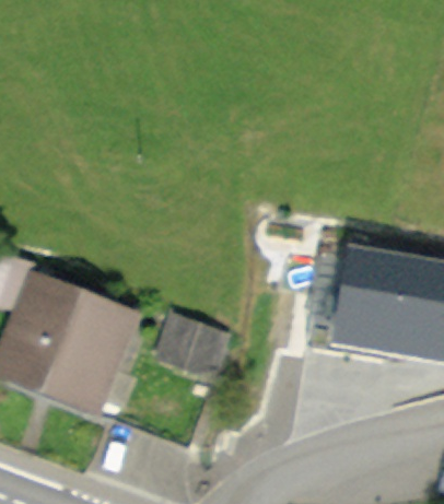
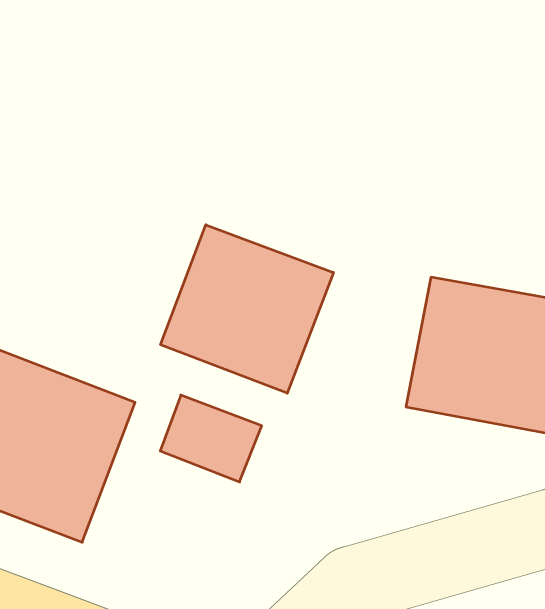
building: none -> [161,225,333,393]

